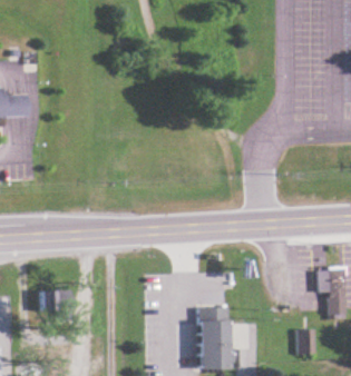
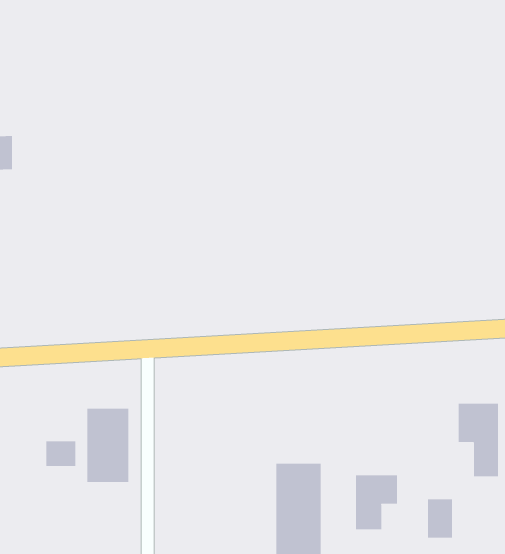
building: none -> [87,408,129,483]
building: none -> [355,475,398,530]

